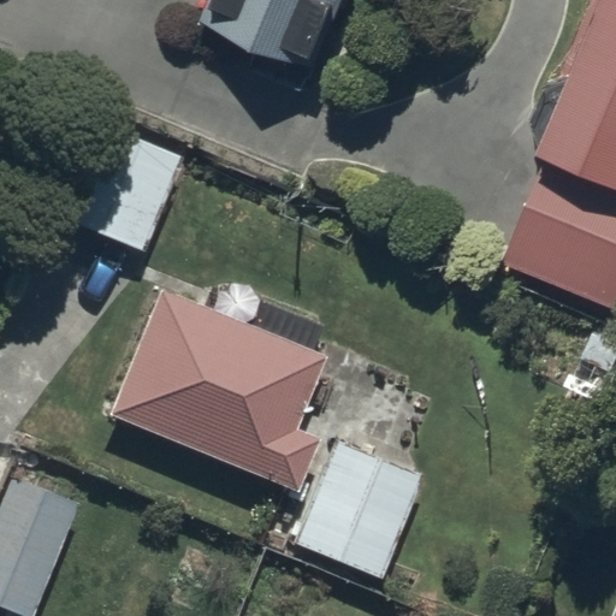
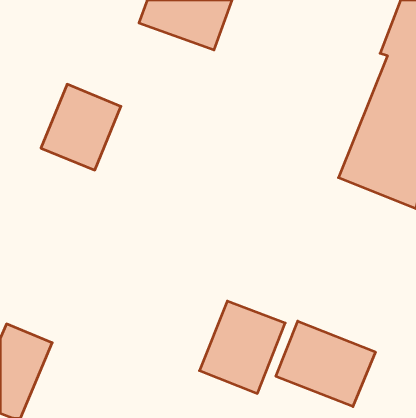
building: [108,289,326,492] -> none
building: none -> [276,321,375,407]

